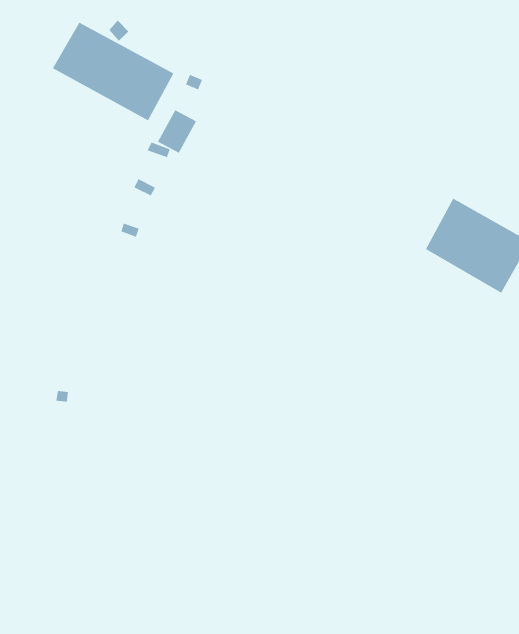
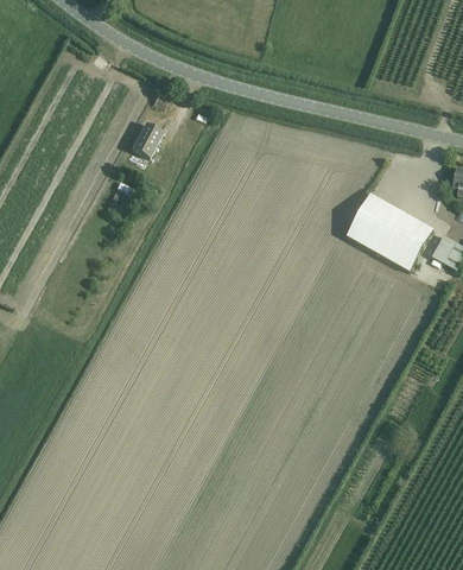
building: [52,22,174,121] -> none

